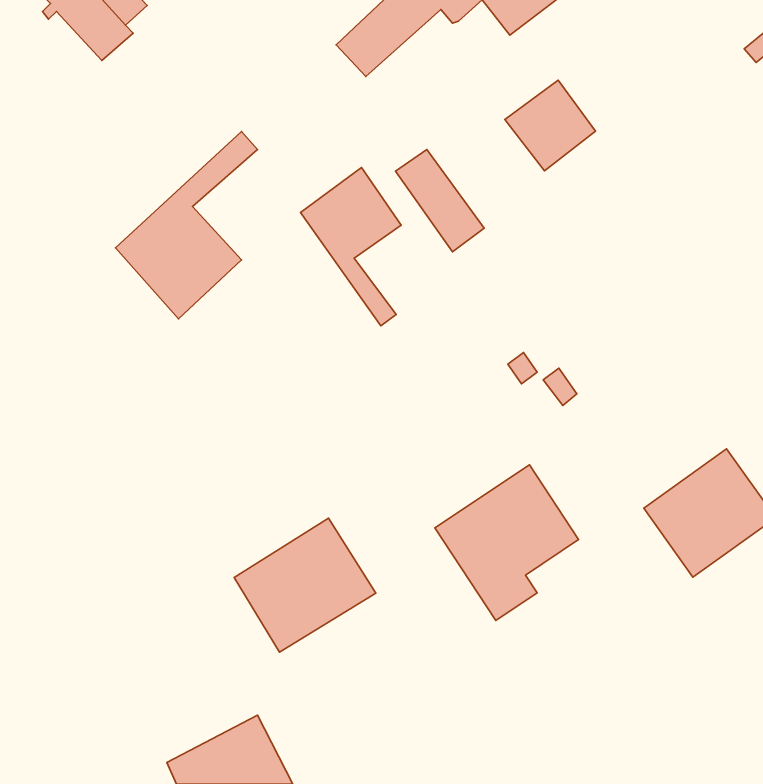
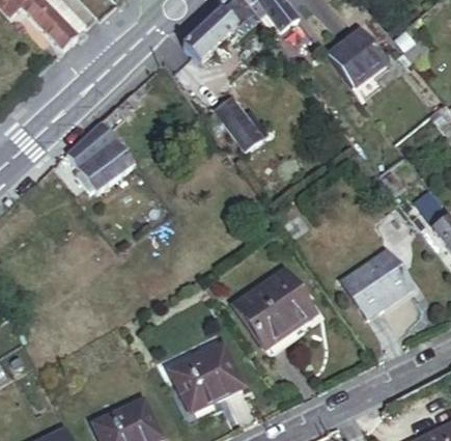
building: [505,80,596,171] -> [327,34,374,82]
building: [301,168,401,326] -> none
building: [234,518,376,652] -> [175,343,250,414]

